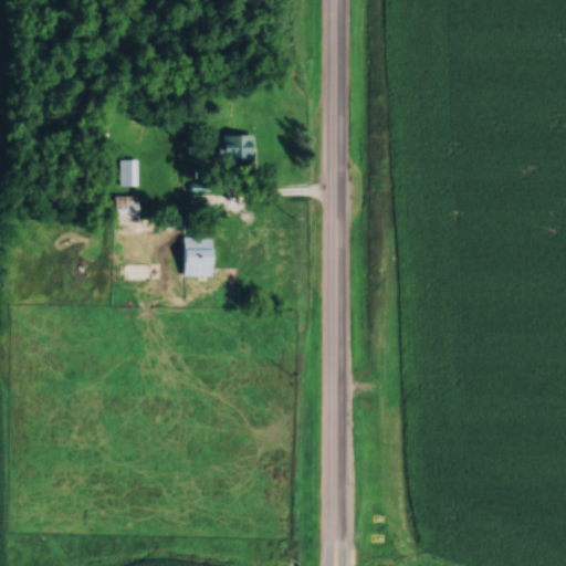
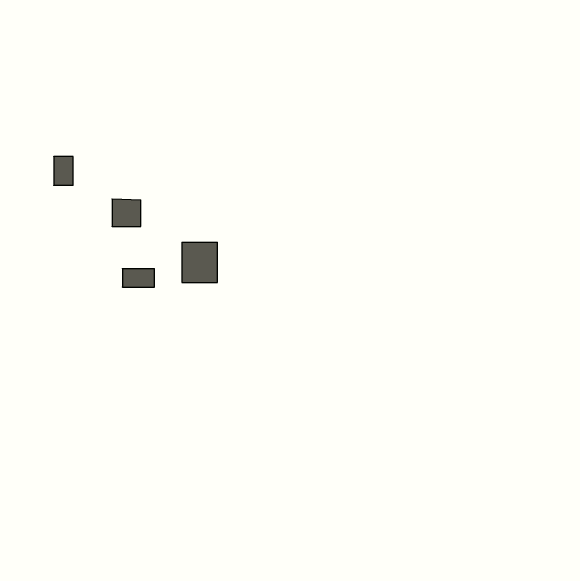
building: [222,135,253,161] -> none
building: [122,160,140,188] -> [54,157,73,185]

